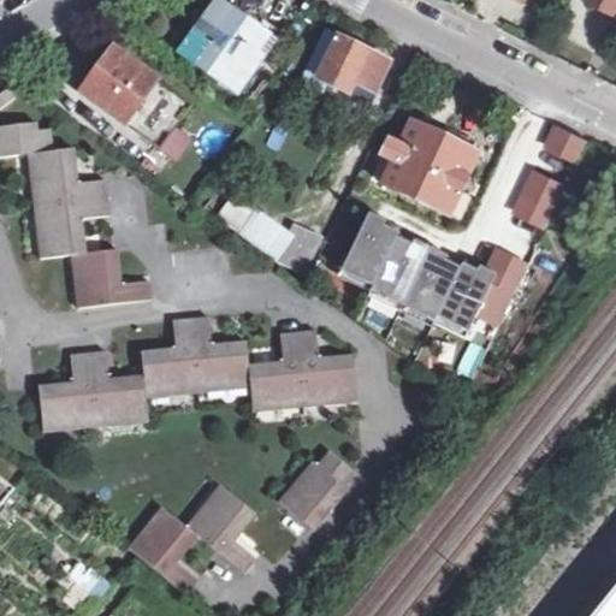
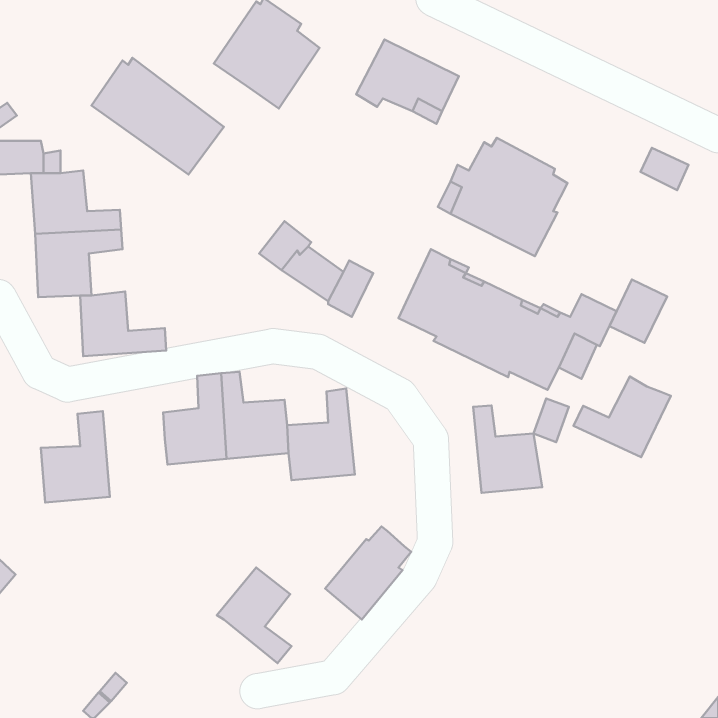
building: [516,173,565,227] -> [609,280,667,343]
building: none -> [573,377,671,457]
building: [296,331,355,405] -> [473,405,542,493]
building: [88,350,144,425] -> none
building: [124,503,191,591] -> none

